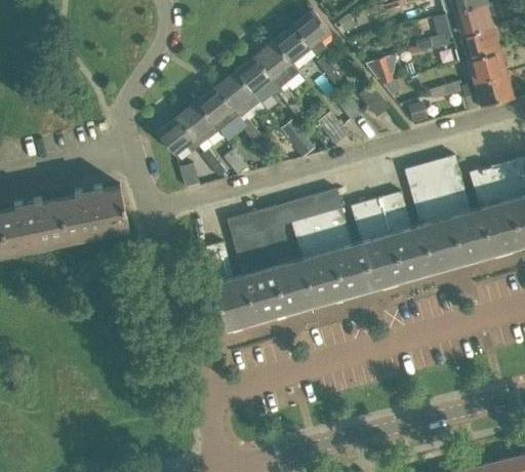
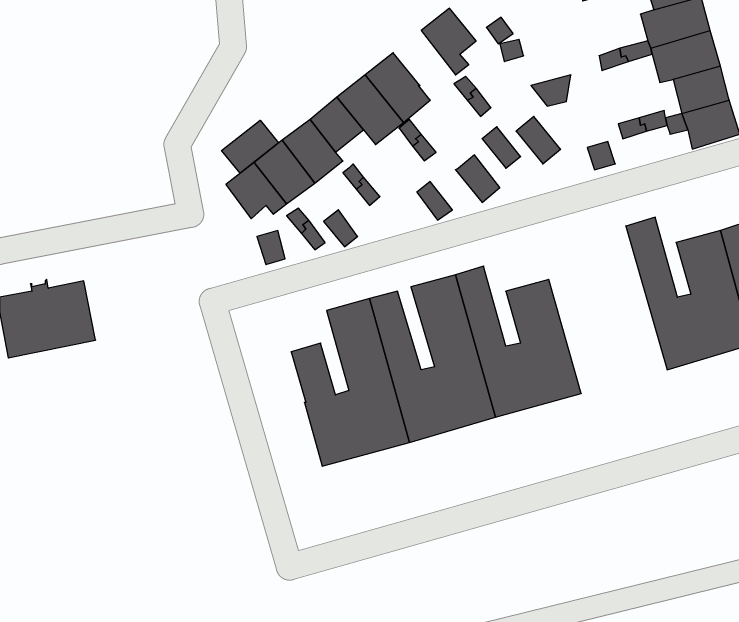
building: [274,27,317,65] -> none
building: none -> [222,120,279,173]
building: [381,162,463,278] -> none
building: [59,186,129,241] -> none

